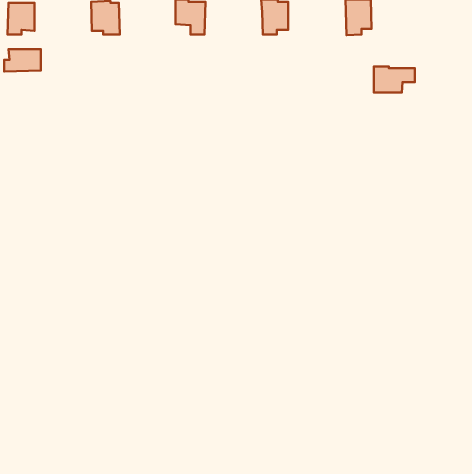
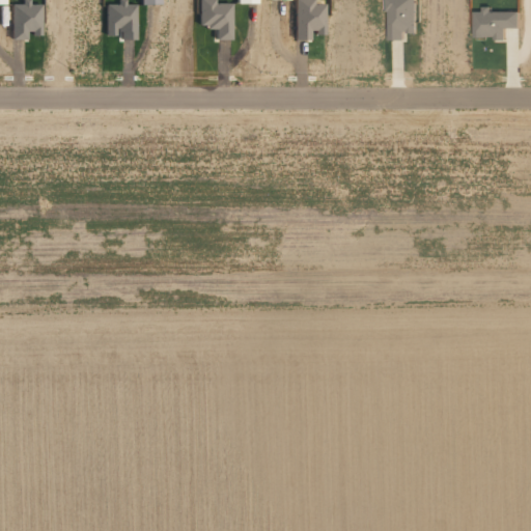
building: [4,49,41,71] -> none
building: [374,66,415,92] -> [476,8,522,37]

